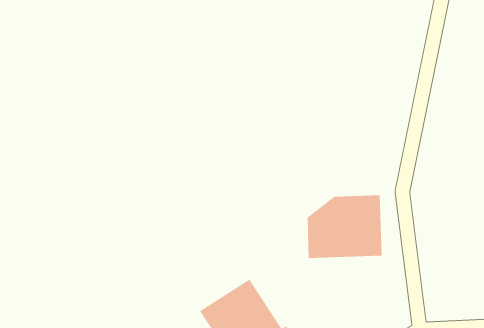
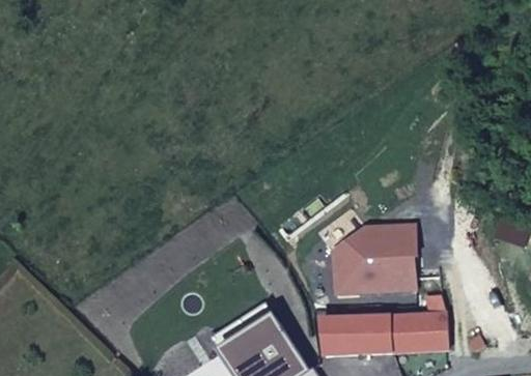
building: none -> [320,293,444,353]

